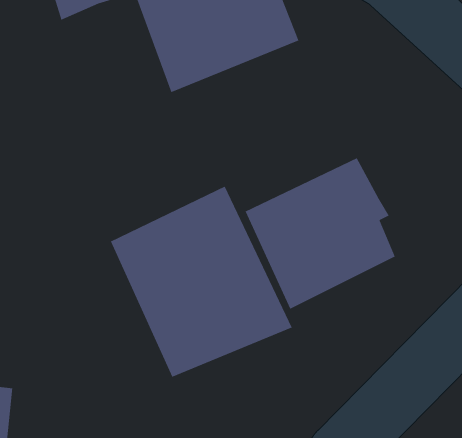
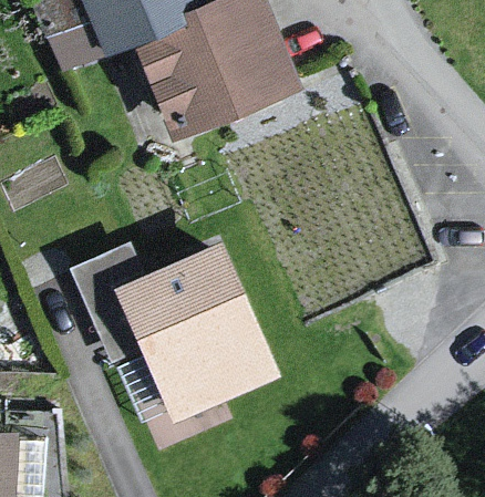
building: [244,157,396,310] -> none

